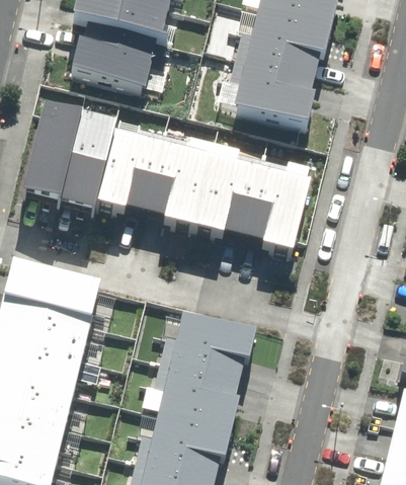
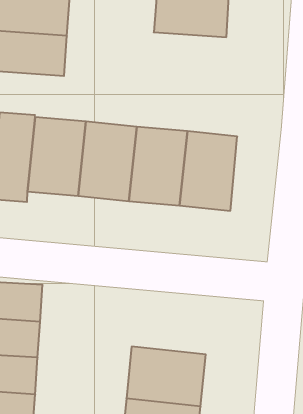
building: [234,62,314,124] -> none
building: [173,315,257,383] -> none

